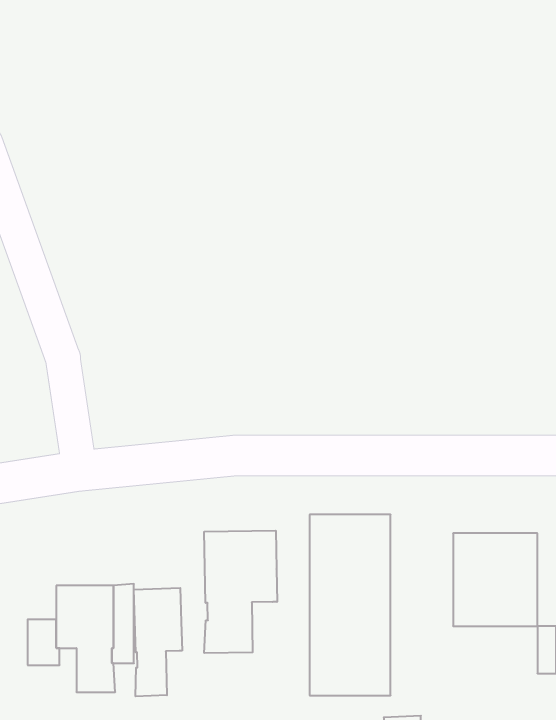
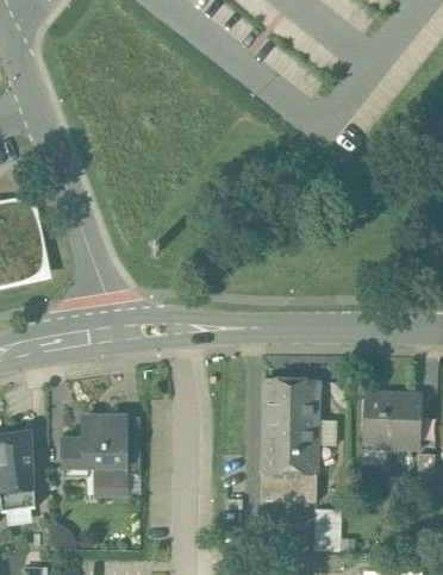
building: [204,531,277,653] -> none
building: [134,588,182,696] -> none

